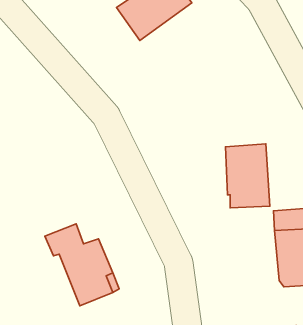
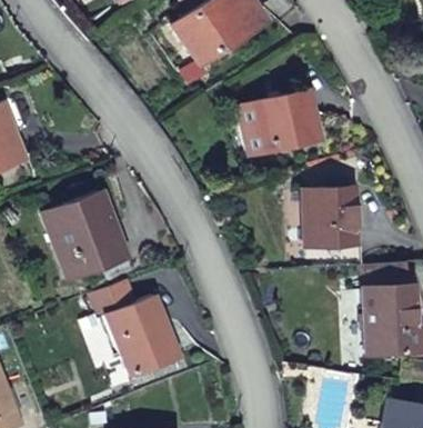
building: none -> [241,90,316,153]
building: none -> [44,192,128,279]

